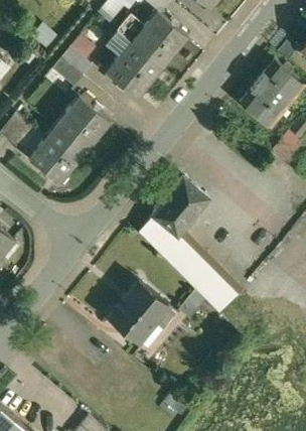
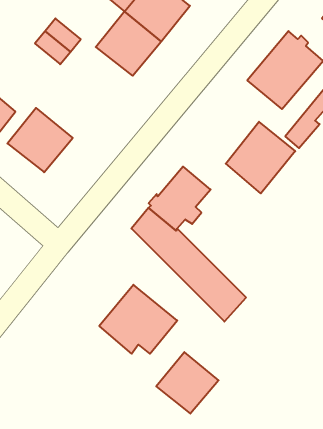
building: [53,96,111,152] -> none
building: none -> [226,122,295,193]
building: none -> [156,352,219,414]

